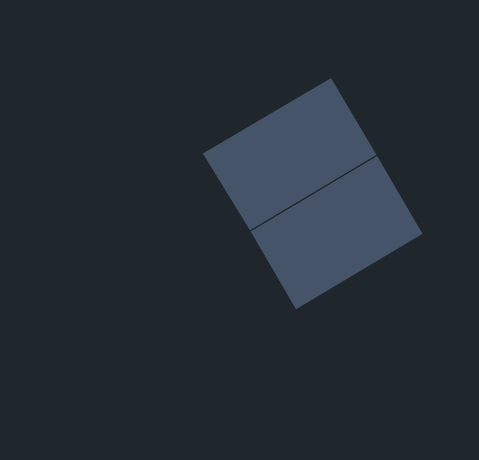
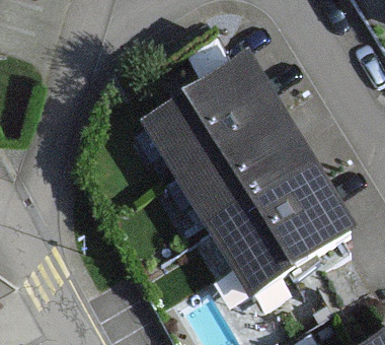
building: none -> [219,181,342,289]

